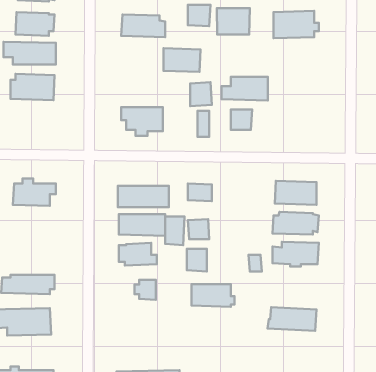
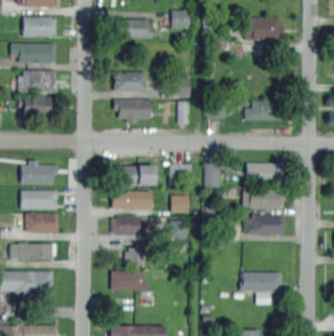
building: [217,8,250,34] -> none
building: [164,48,201,72] -> [114,71,145,91]
building: [221,77,268,101] -> [243,99,283,120]
building: none -> [18,96,54,116]
building: none -> [20,190,57,208]
building: [165,217,184,245] -> [205,163,221,187]
building: none -> [27,212,57,232]
building: [192,284,234,307] -> [111,270,148,290]

